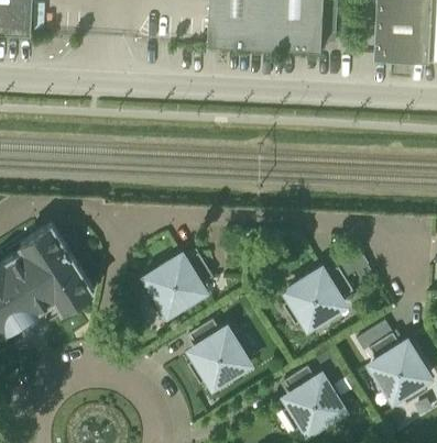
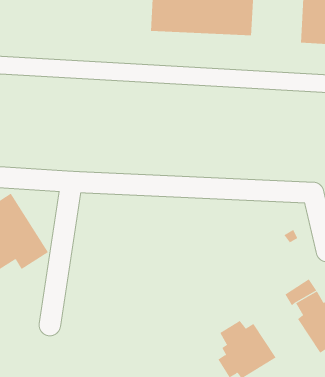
building: [142,254,214,314] -> none
building: [282,268,353,328] -> none
building: [187,320,249,387] -> none

